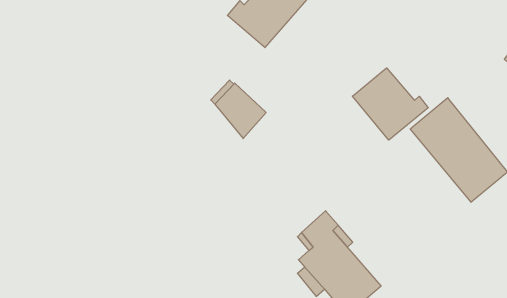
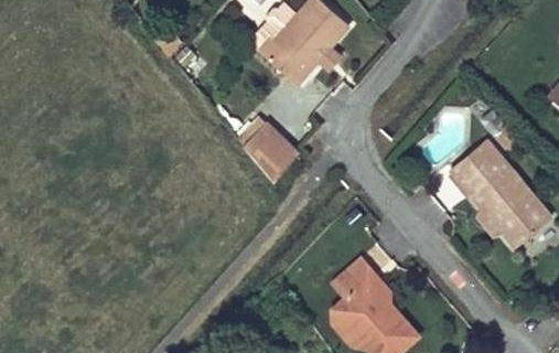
building: [352,68,428,140] -> none

